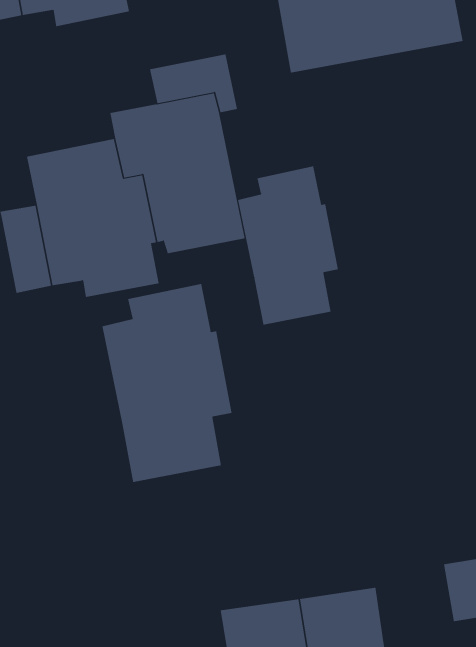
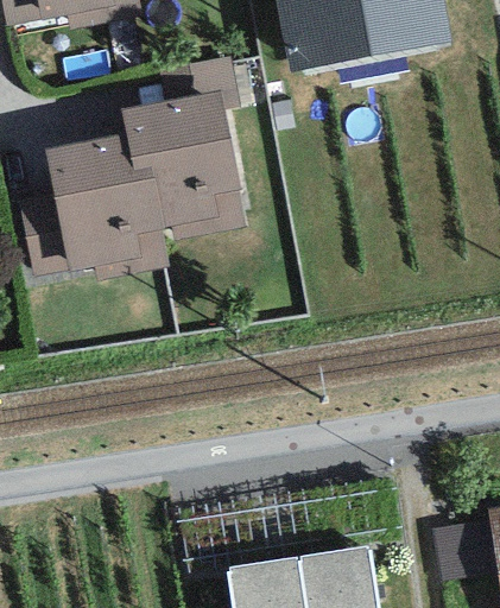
building: [237,166,339,325] -> none
building: [102,283,232,483] -> none

